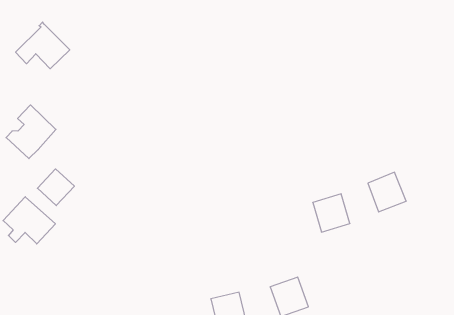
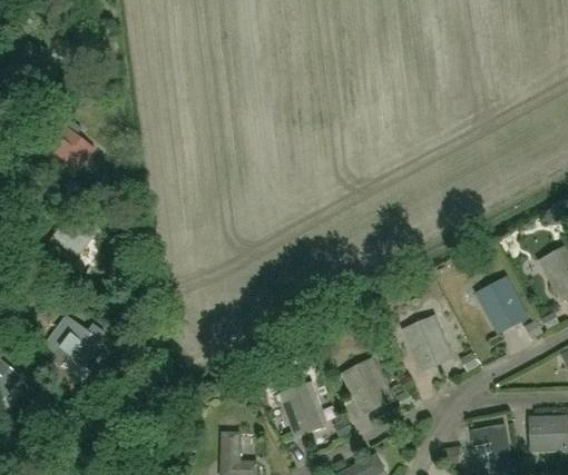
building: [37,169,74,206] -> none
building: [368,172,406,212] -> [481,286,526,331]
building: [313,194,350,232] -> [408,325,451,369]

